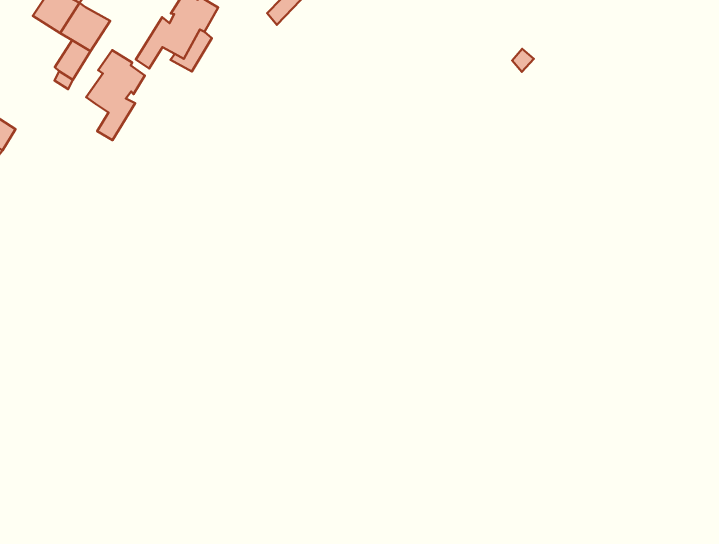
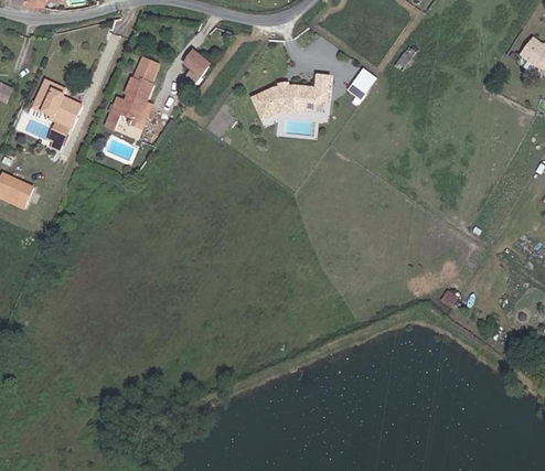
building: none -> [264,73,329,109]
building: [86,50,145,140] -> none

